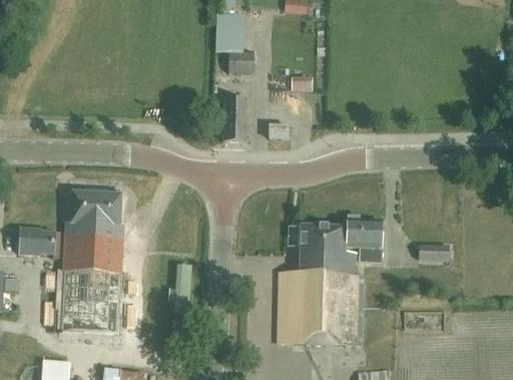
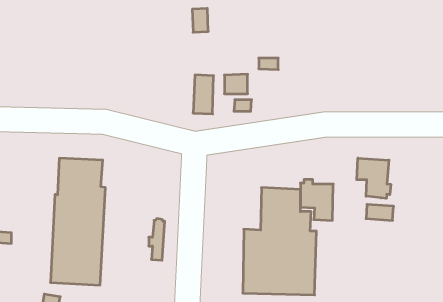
building: [226,51,252,73] -> [224,74,248,94]
building: none -> [357,158,391,198]
building: [17,228,53,254] -> none

